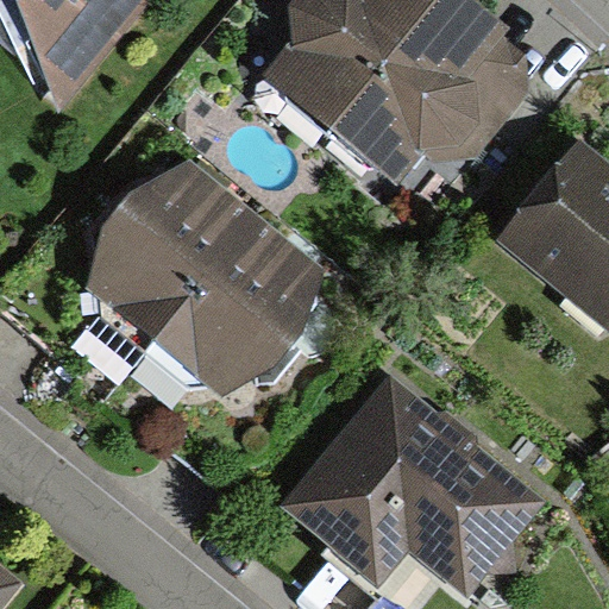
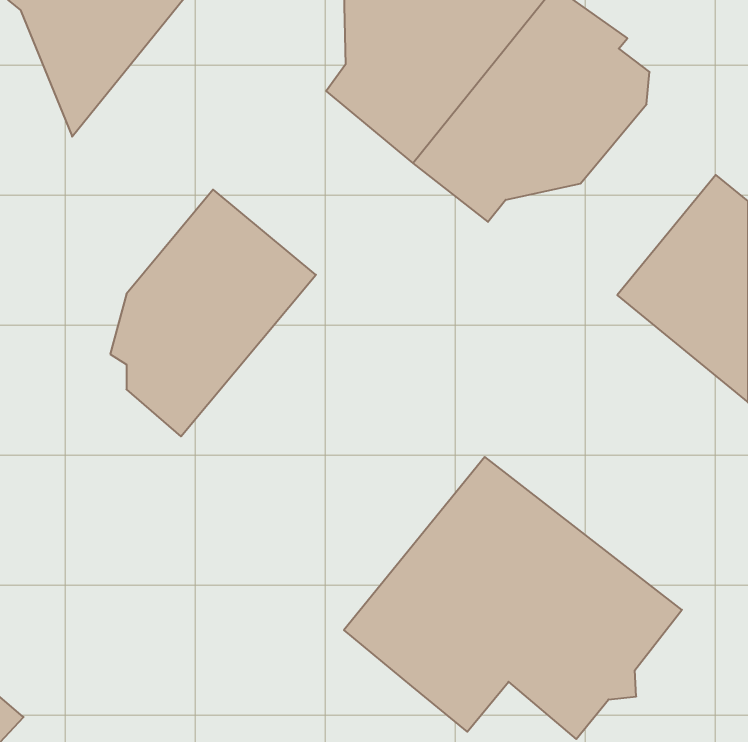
building: [146,222,321,394] -> none

